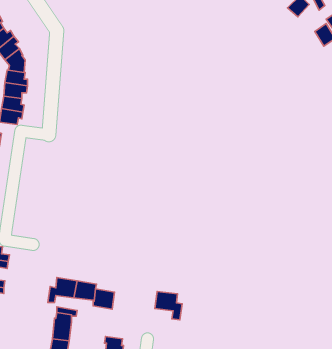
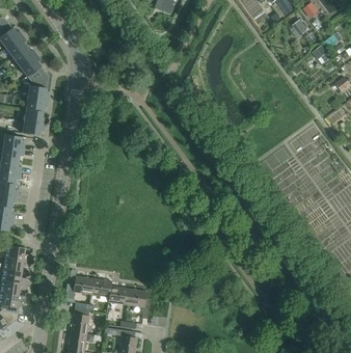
building: [155,291,182,320] -> [127,289,152,315]

